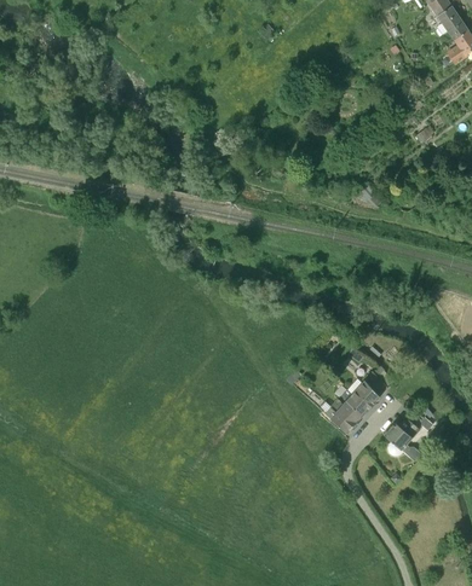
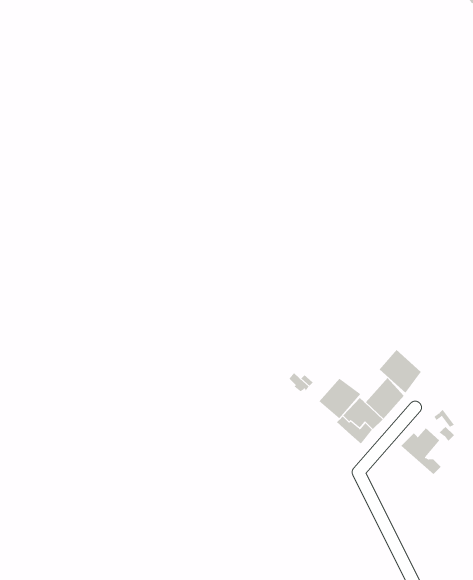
building: none -> [379,349,422,393]
building: none -> [318,378,361,419]

